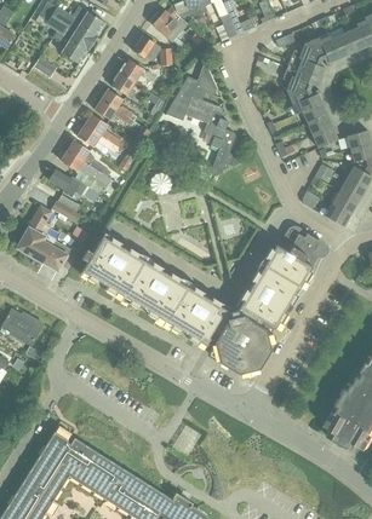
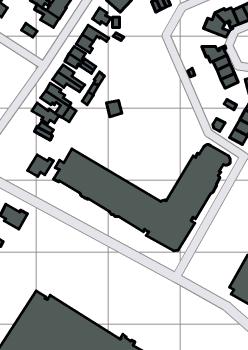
building: [164,60,239,177] -> none
building: [281,64,319,90] -> none
building: [22,206,55,263] -> none

